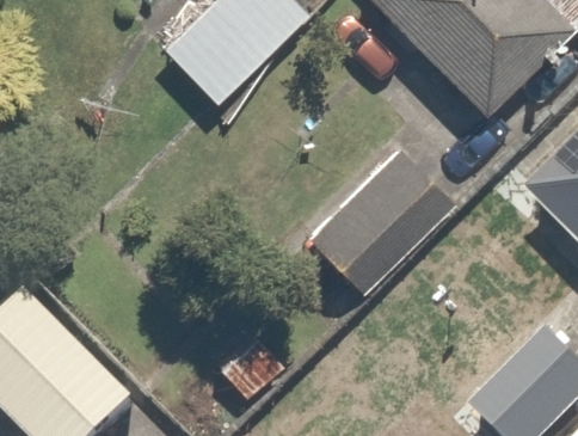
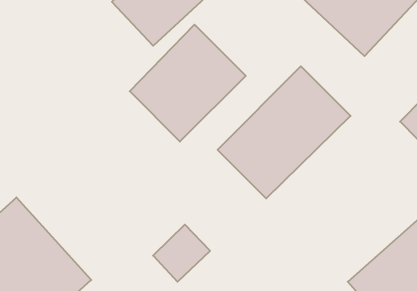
building: none -> [130,25,246,142]

